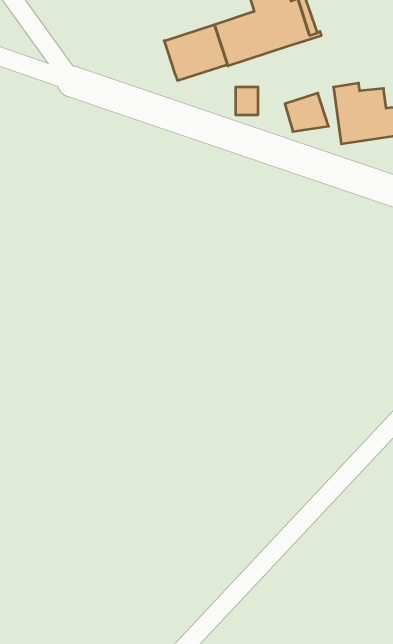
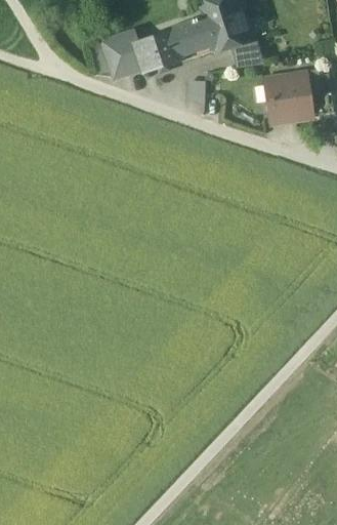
building: none -> [104,33,142,77]
building: [285,93,329,132] -> [230,38,264,68]

